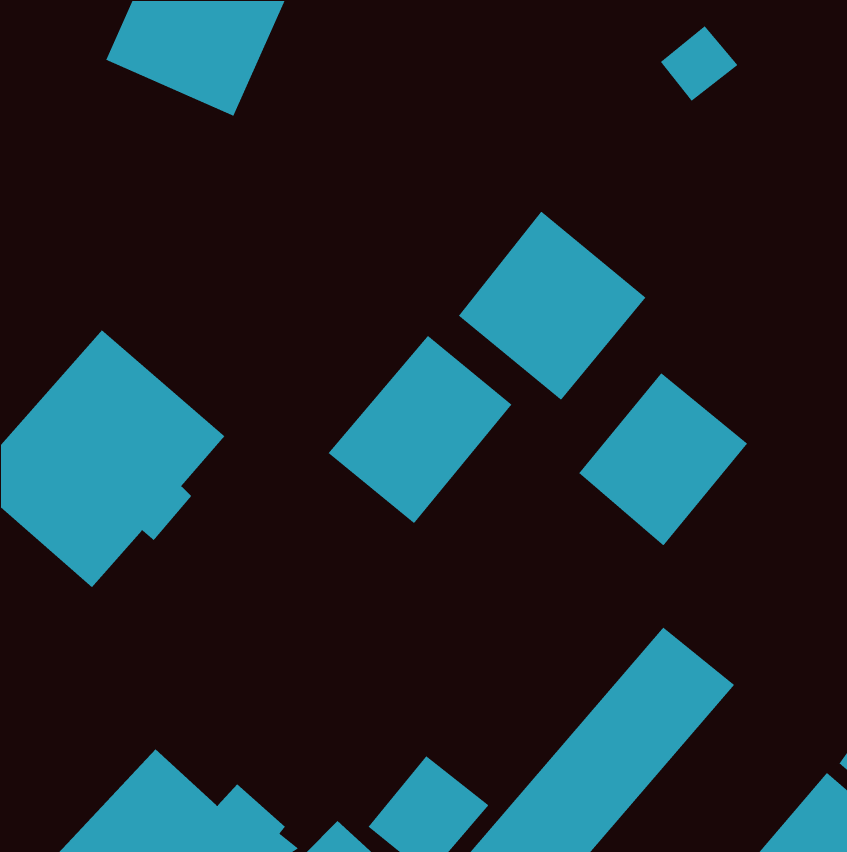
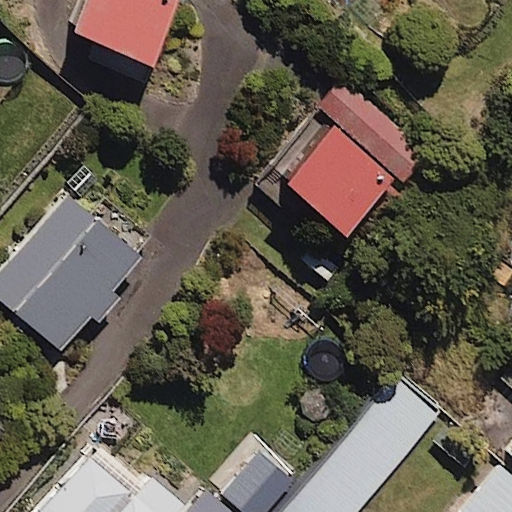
building: none -> [319,76,431,182]
building: [328,335,513,524] -> none
building: [578,372,748,547] -> none

